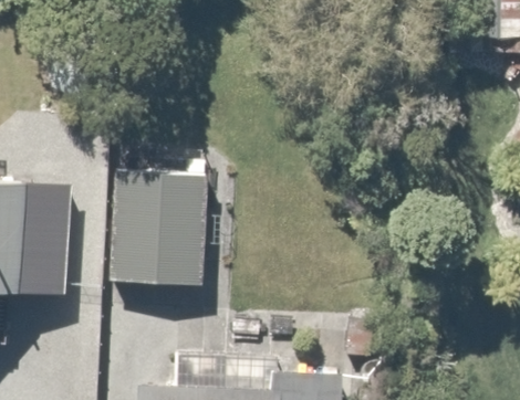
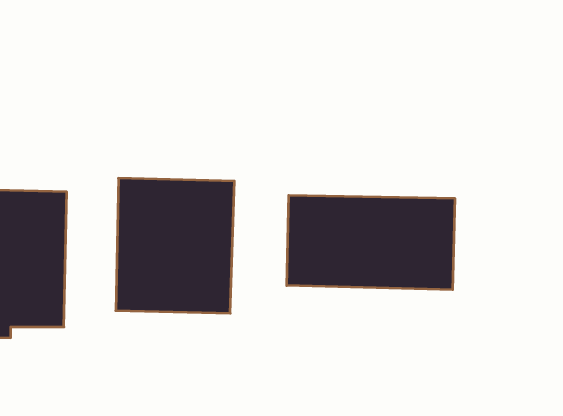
building: none -> [287,195,455,290]

